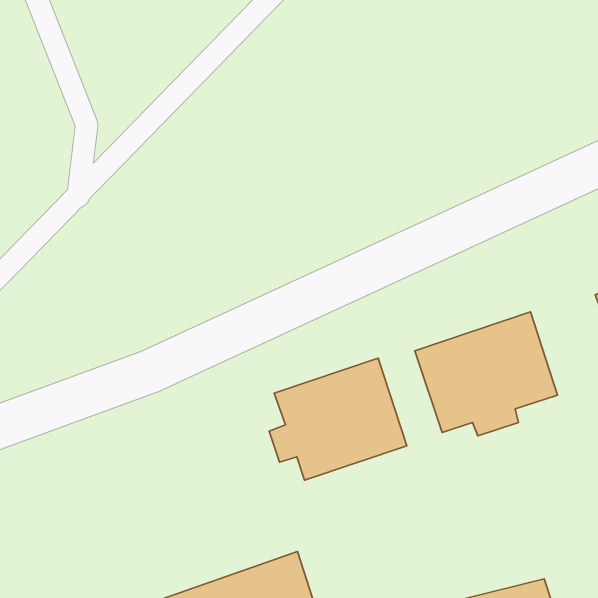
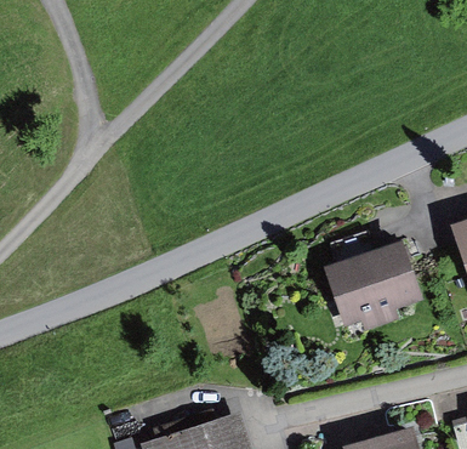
building: [269,358,407,480] -> none

